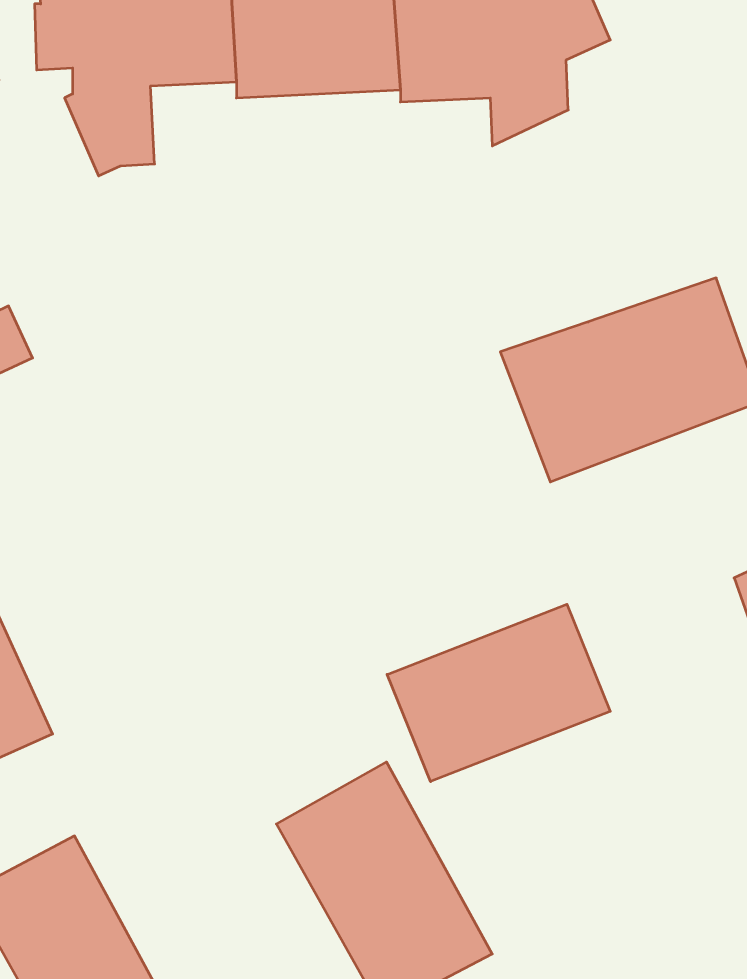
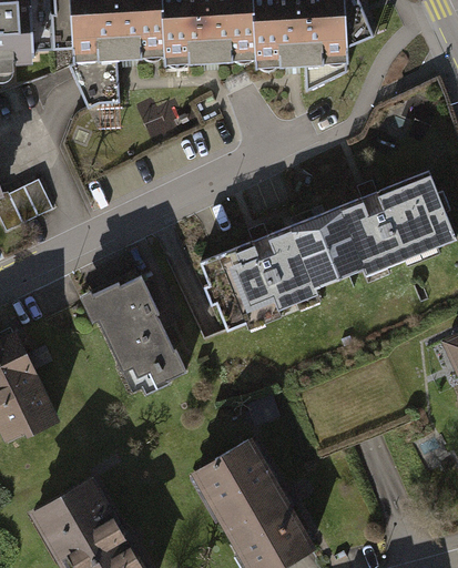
building: none -> [196,211,339,325]
building: none -> [85,270,201,402]
building: [387,604,610,782] -> none

